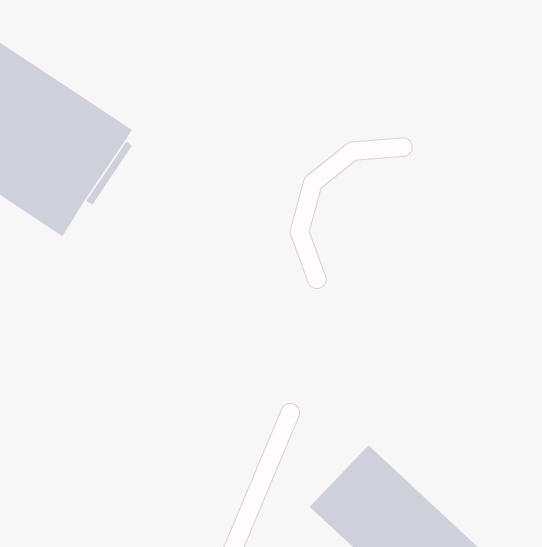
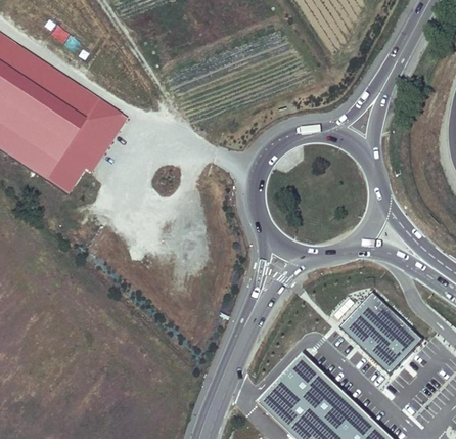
building: none -> [339,291,421,371]

